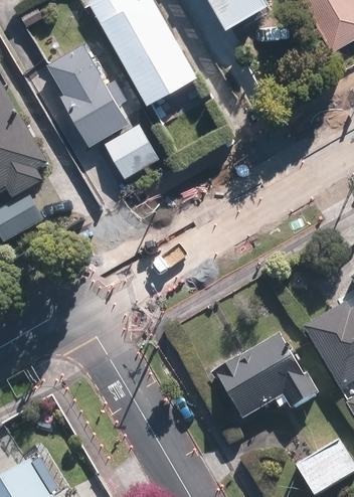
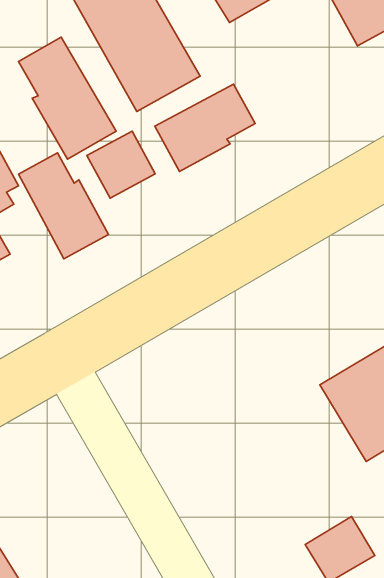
building: none -> [155,84,255,171]
building: none -> [18,153,109,259]
building: [207,340,302,427] -> none

